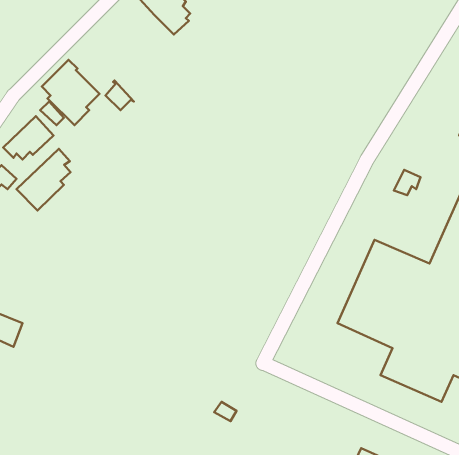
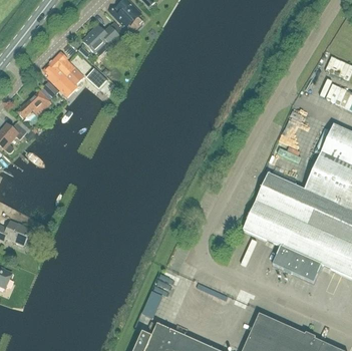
building: none -> [82,20,126,52]
building: [16,149,71,211] -> none

